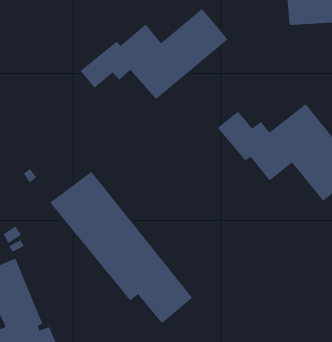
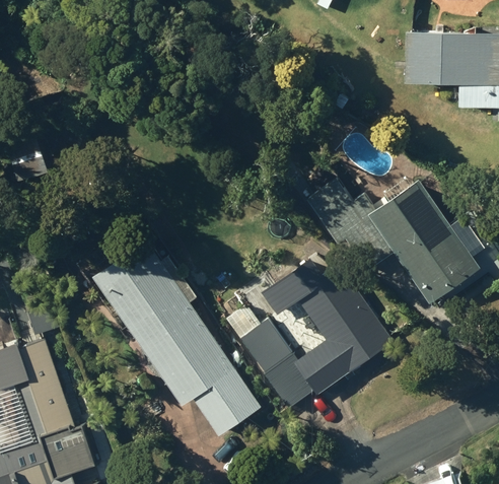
building: [79,8,228,100] -> none
building: none -> [240,260,395,410]

